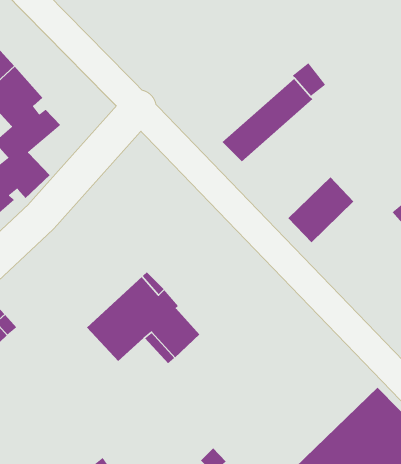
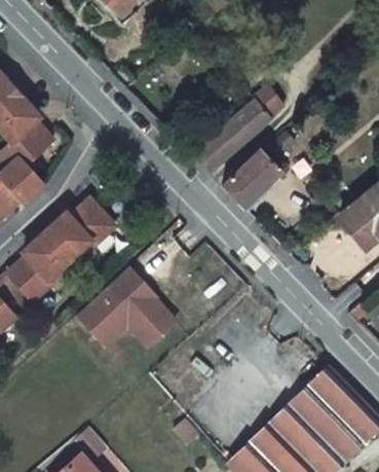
building: [288,176,354,243] -> [223,149,280,207]
building: none -> [6,197,115,301]

